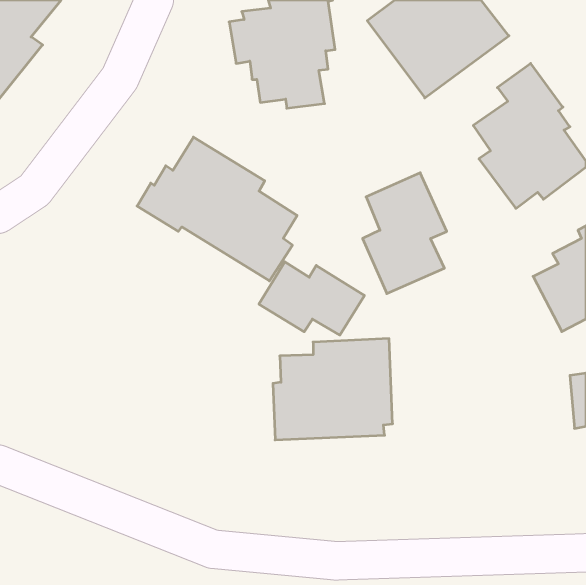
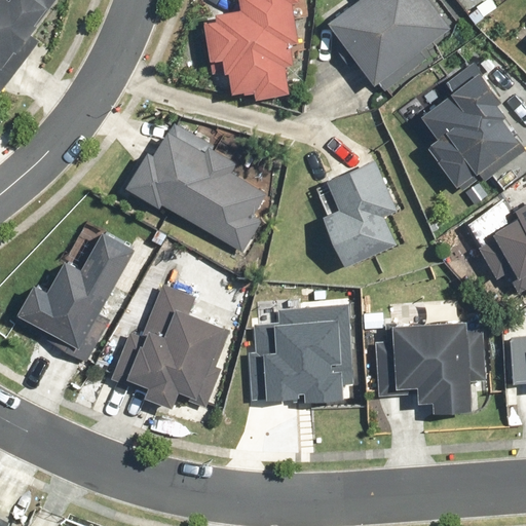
building: none -> [18,230,136,348]
building: [259,262,364,335] -> none
building: none -> [109,283,236,413]
building: none -> [375,322,484,417]

